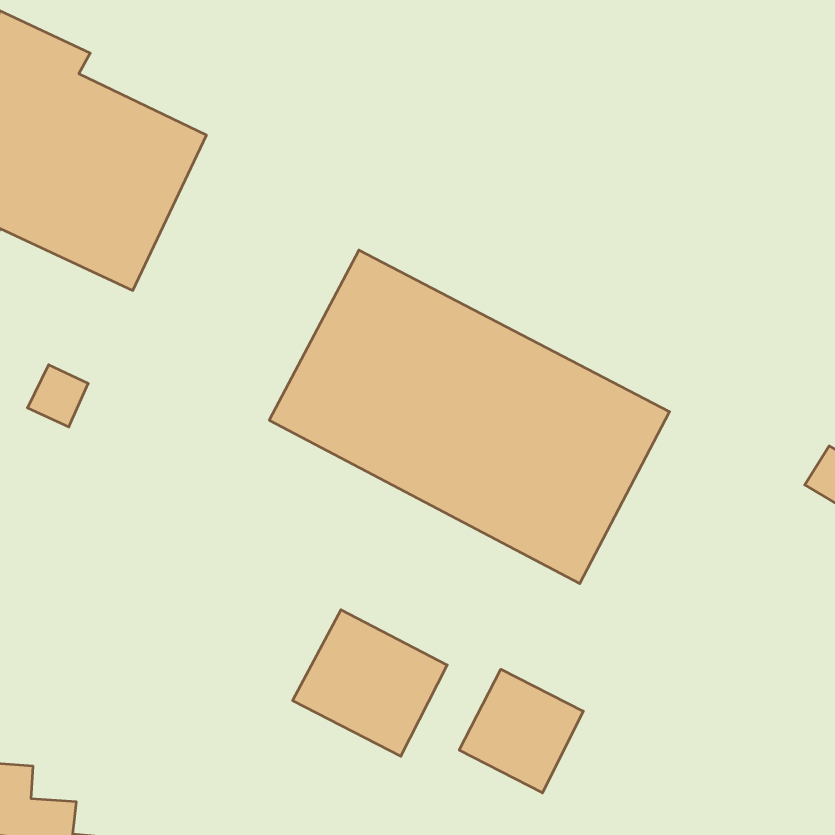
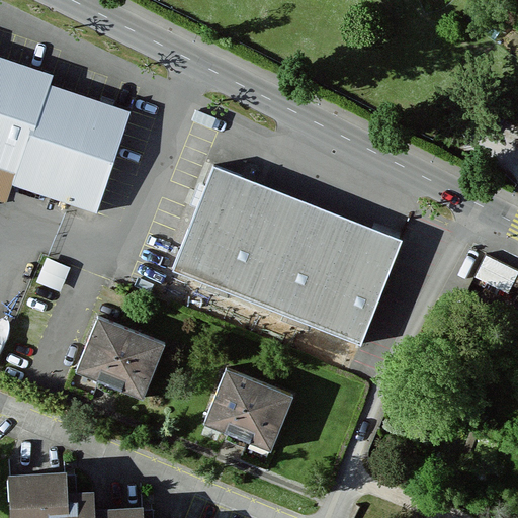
building: none -> [78,316,163,396]
building: [459,669,583,793] -> none

